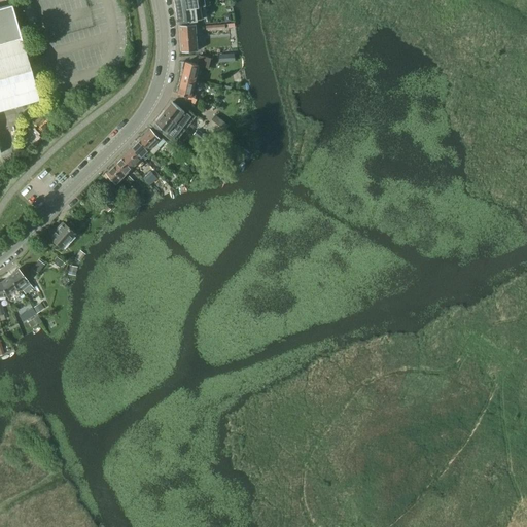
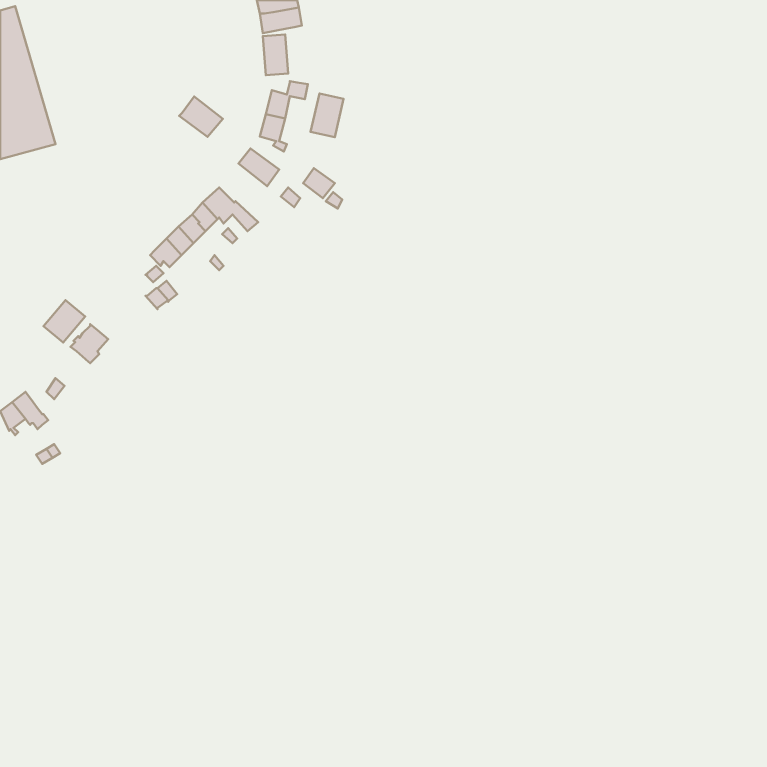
building: none -> [311,94,344,137]
building: [153,112,183,140] -> [179,96,223,137]
building: none -> [44,300,85,342]

